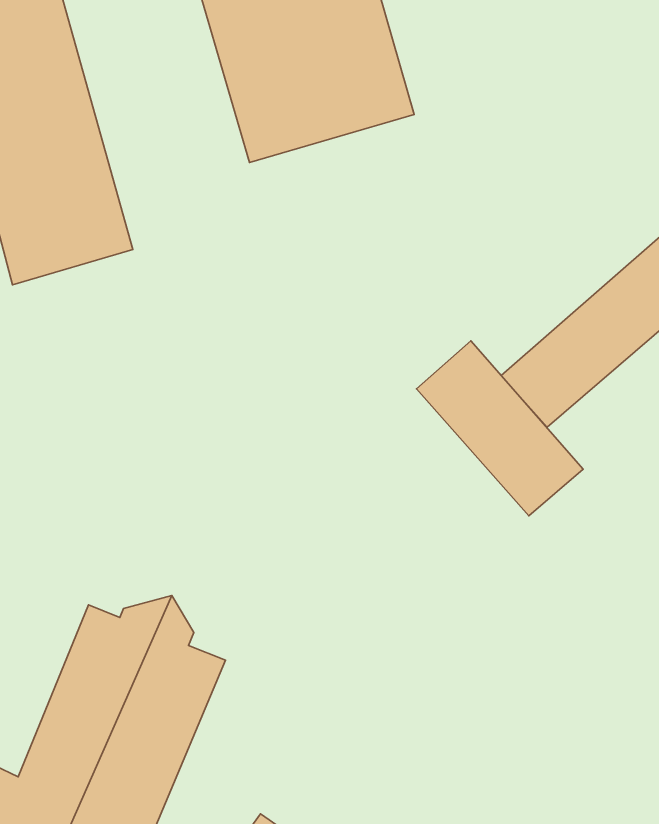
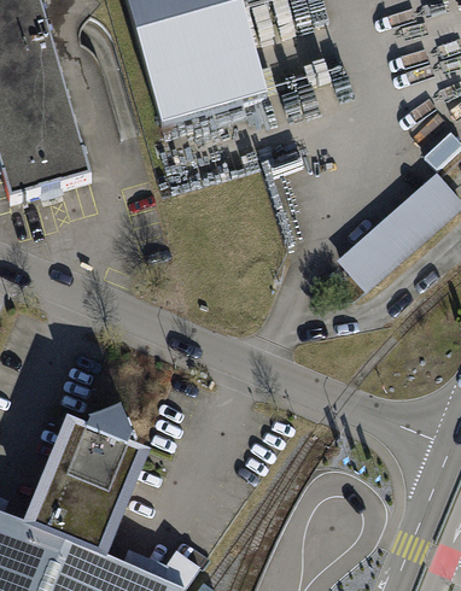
building: [416,341,583,516] -> none

